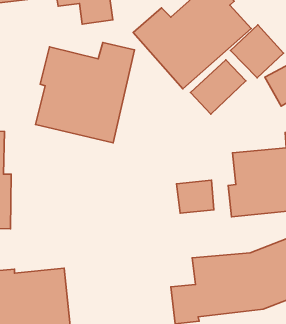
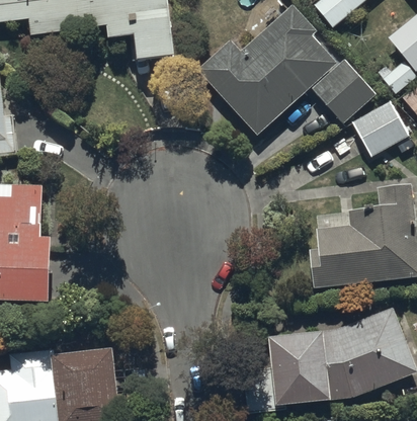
building: [36,42,135,143] -> none
building: [190,60,246,114] -> none
building: [177,180,214,213] -> none

